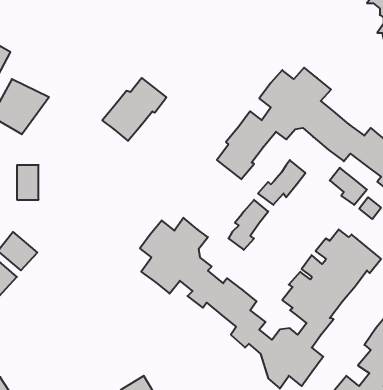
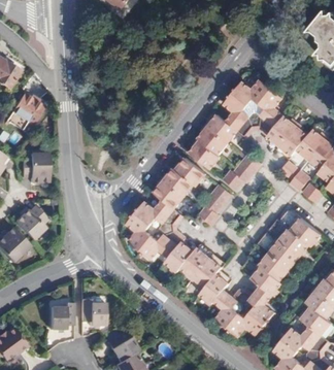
building: [102,78,166,141] -> [151,160,202,210]
building: none -> [81,297,103,323]
building: none -> [47,302,73,326]

